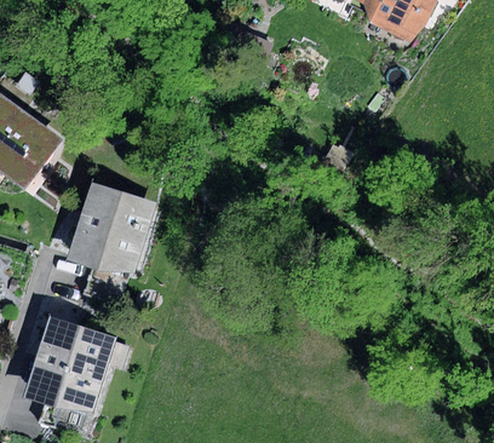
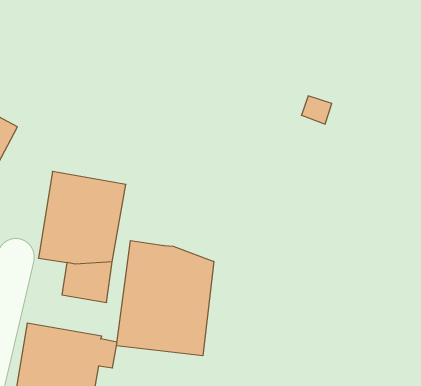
building: none -> [117,241,214,356]

